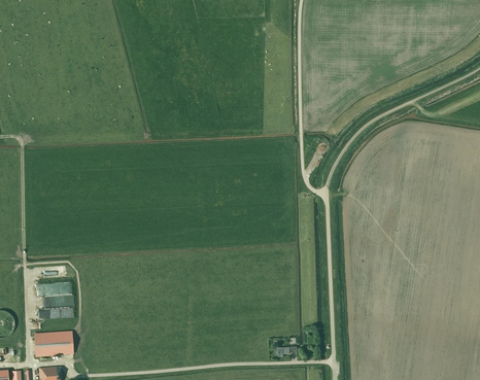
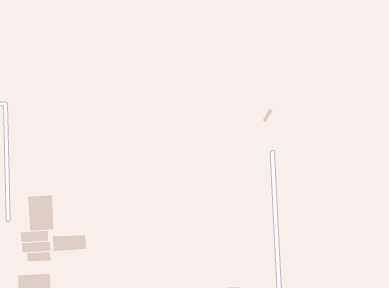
building: none -> [28,195,54,231]
building: none -> [52,234,87,252]

